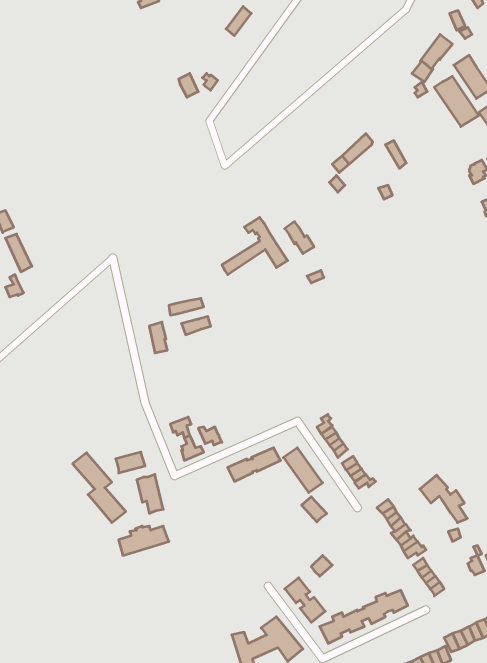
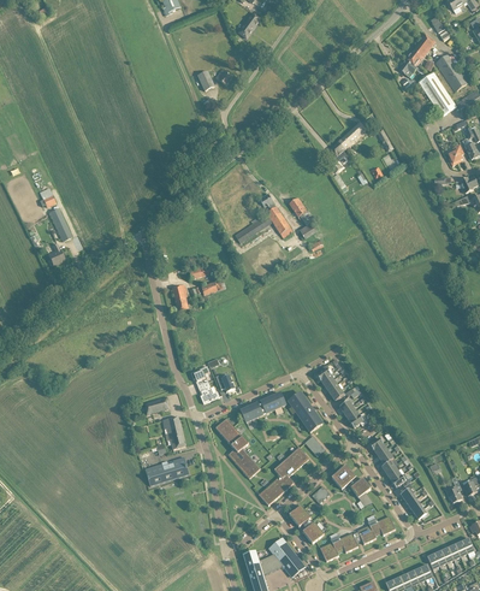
building: [73,453,126,523] -> [214,418,260,478]
building: [420,475,467,523] -> [331,465,372,506]
building: none -> [257,447,308,504]

